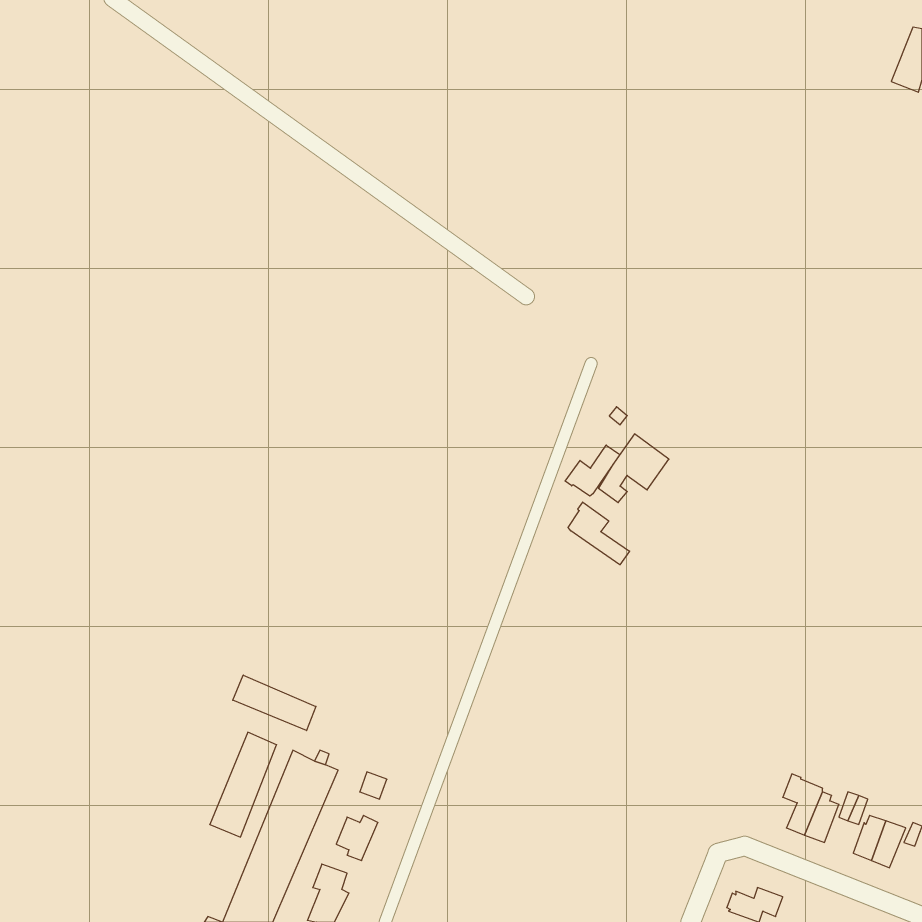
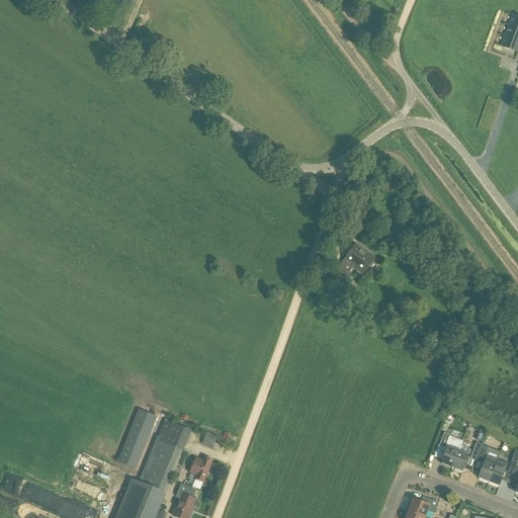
building: [565,445,620,496] -> none
building: [568,502,630,565] -> none
building: [233,675,316,731] -> none

